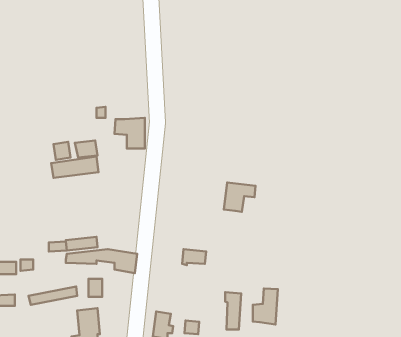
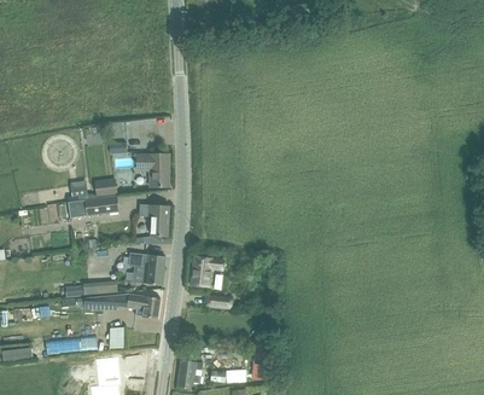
building: none -> [139,205,168,236]
building: [224,182,255,212] -> [189,256,223,287]
building: none -> [128,252,164,285]
building: [253,288,278,324] -> none

